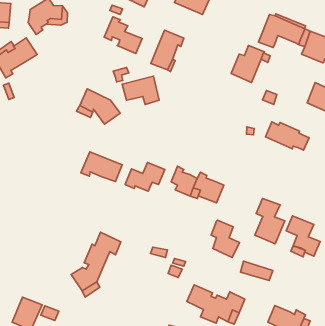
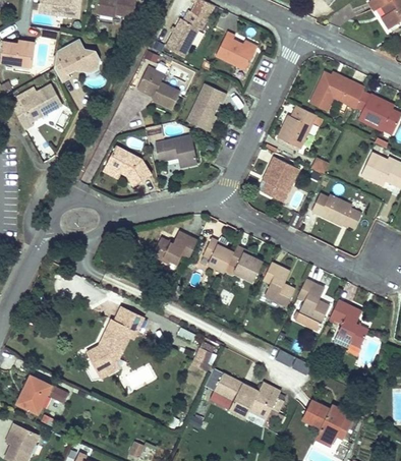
building: none -> [259,157,299,203]
building: [81,152,122,182] -> none
building: [211,220,240,258] -> [264,263,295,305]

